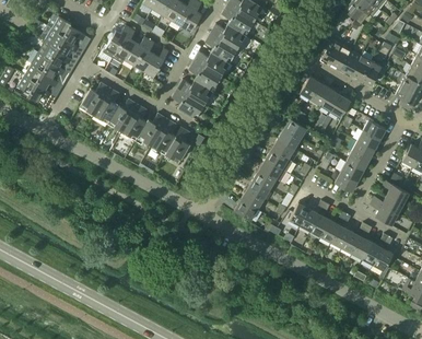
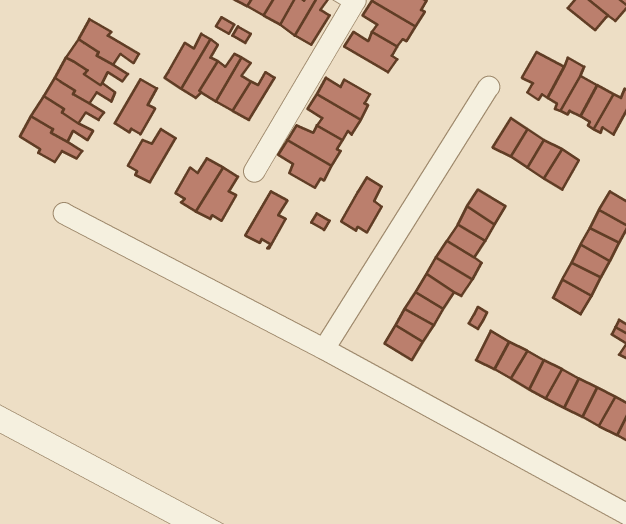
building: [206,34,237,62] -> none
building: [95,89,120,121] -> [115,79,157,134]
building: [136,115,167,147] -> none
building: [166,128,190,161] -> [341,177,382,232]

